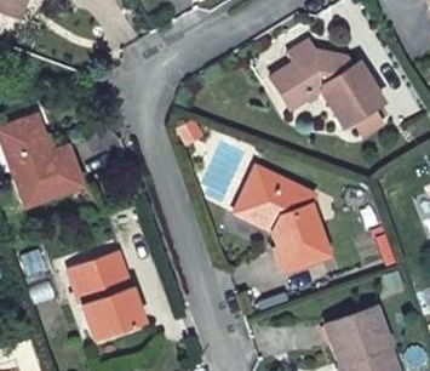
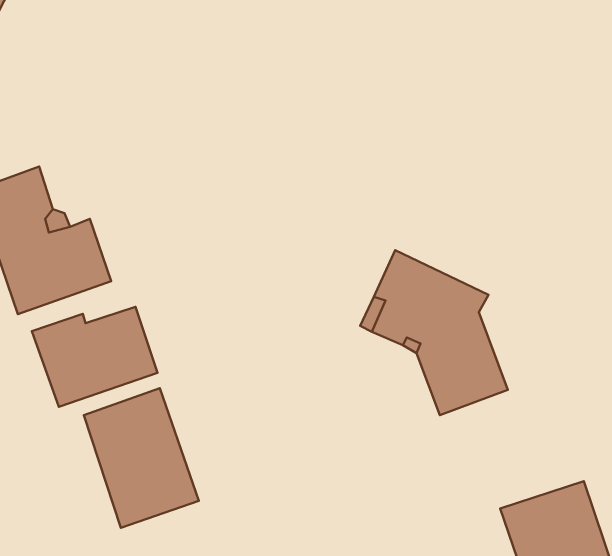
building: [271,42,383,127] -> none
building: none -> [32,307,157,407]

